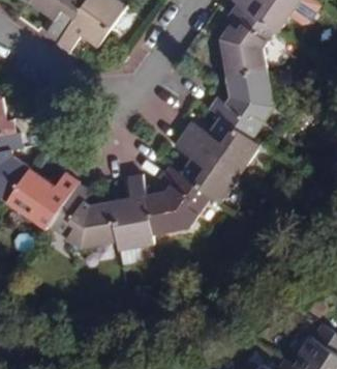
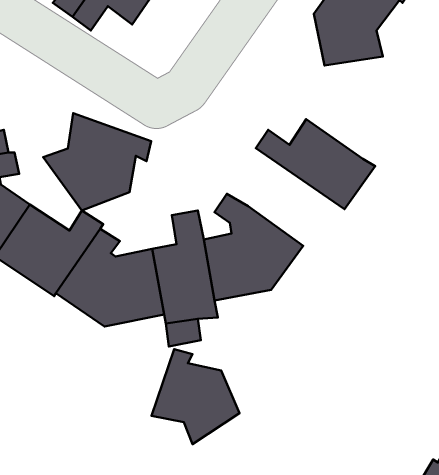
building: [210,66,276,136] -> none
building: none -> [43,113,151,211]
building: [174,129,243,200] -> none
building: none -> [151,349,240,444]

